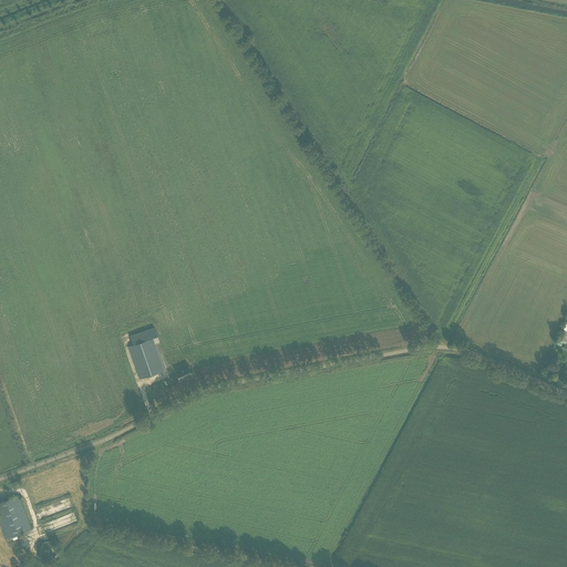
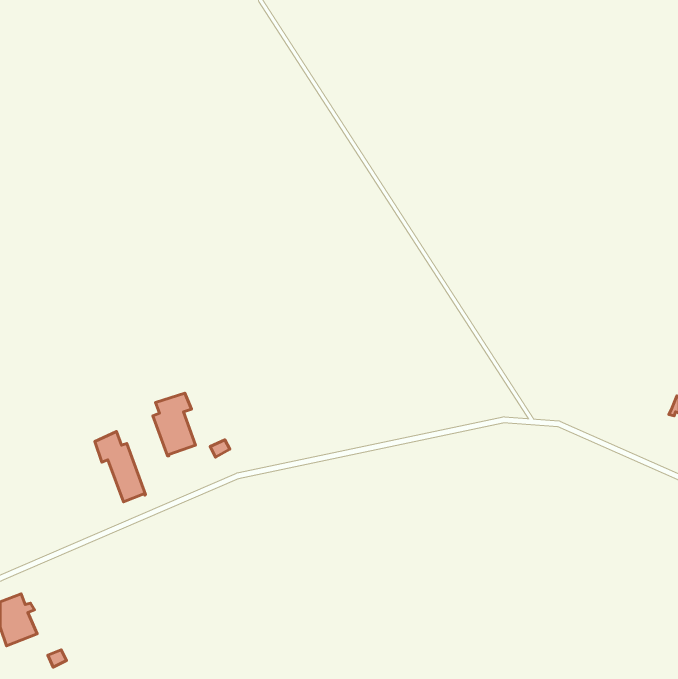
building: none -> [95,432,145,502]

